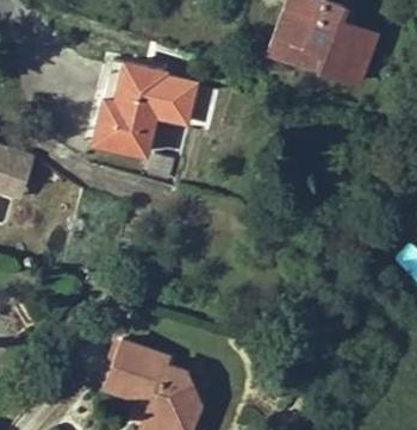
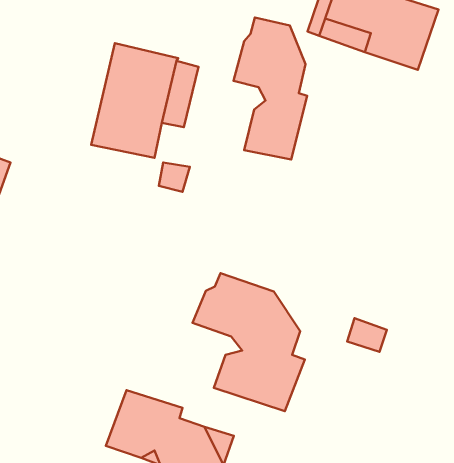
building: none -> [233,17,307,160]
building: none -> [193,273,305,411]

